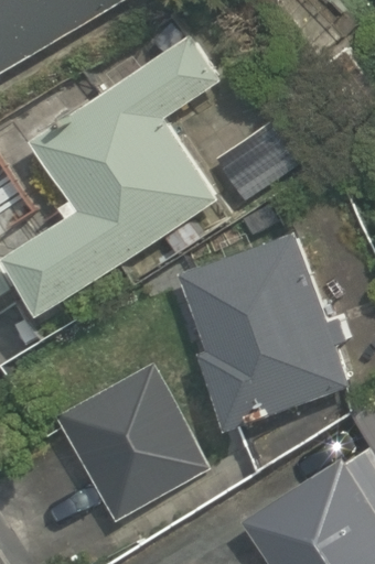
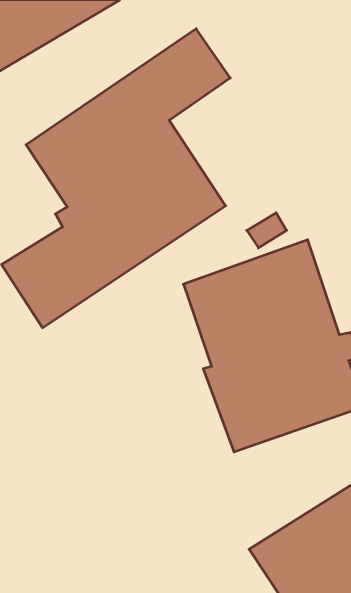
building: [54,367,203,522] -> none

